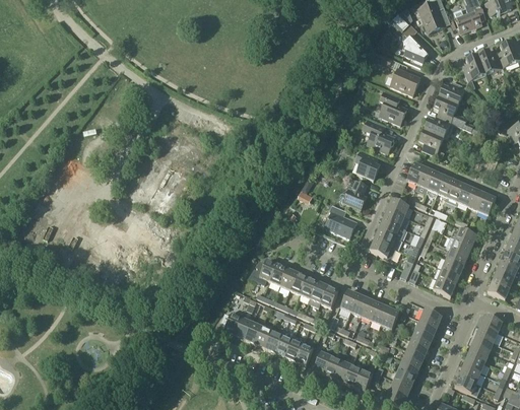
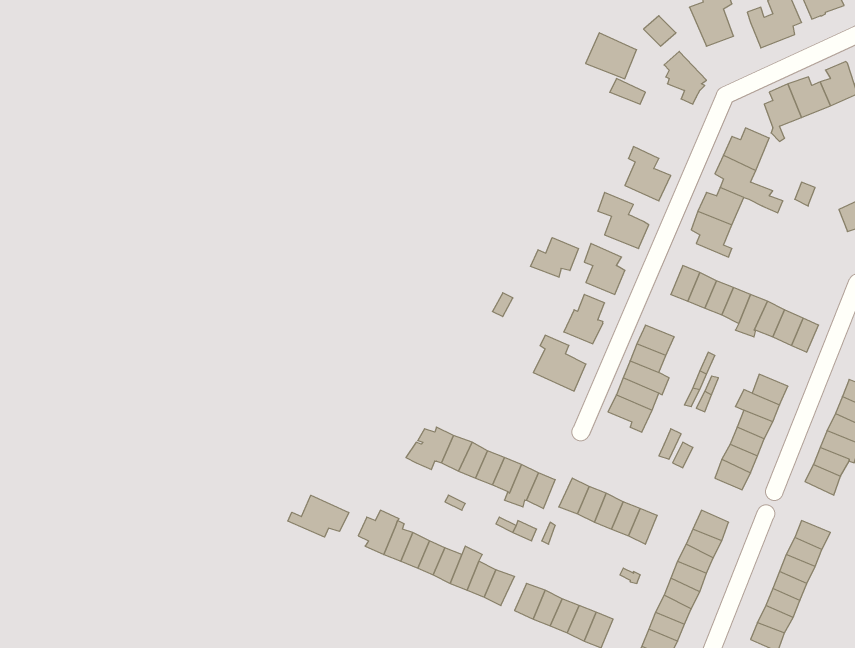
building: [390,66,420,93] -> [586,33,637,79]
building: none -> [530,238,579,277]
building: none -> [288,495,349,537]

